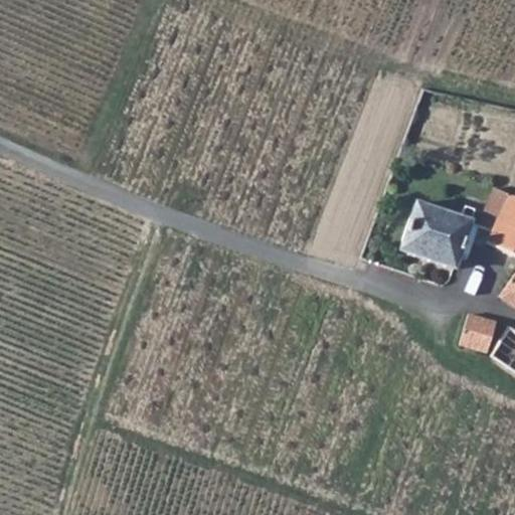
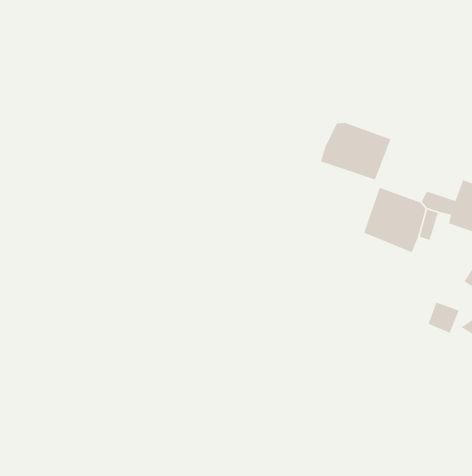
building: none -> [320,122,392,180]

